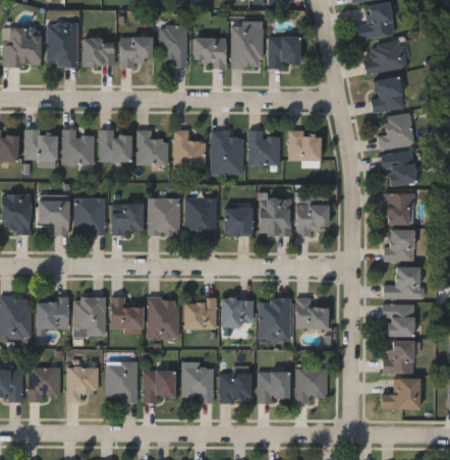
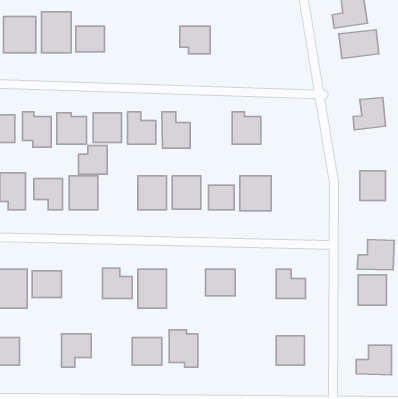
building: [160,26,187,68] -> none
building: [231,26,263,68] -> none
building: [119,37,152,66] -> none
building: [268,38,300,69] -> none
building: [371,78,403,112] -> none
building: [212,130,244,174] -> none
building: [289,132,320,161] -> none
building: [381,152,416,186] -> none
building: [112,204,143,234] -> [78,146,107,174]
building: [296,204,328,236] -> none
building: [386,230,413,261] -> none
building: [73,298,106,337] -> none
building: [260,299,290,340] -> none
building: [184,300,216,330] -> none
building: [384,342,414,373] -> none
building: [106,363,137,401] -> none
building: [29,367,60,399] -> none
building: [258,373,289,403] -> none
building: [219,376,251,403] -> none

